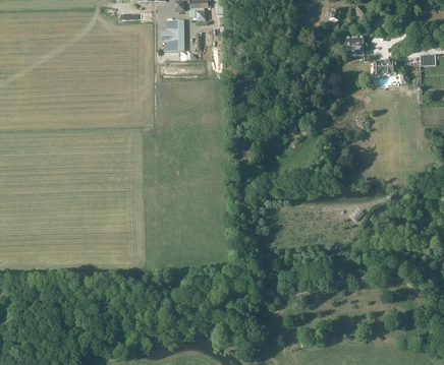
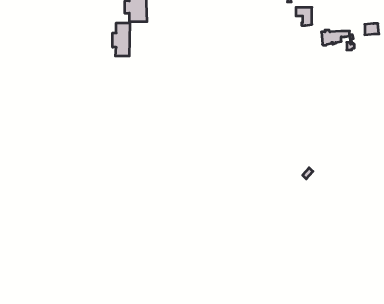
building: none -> [113,23,130,56]

